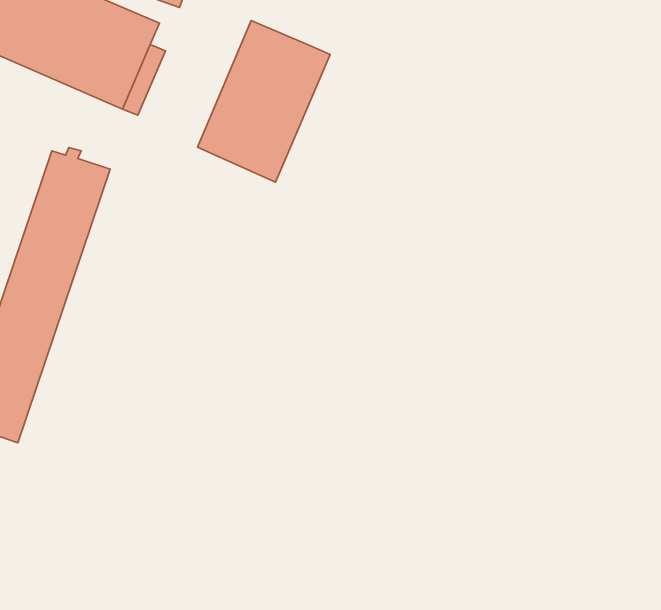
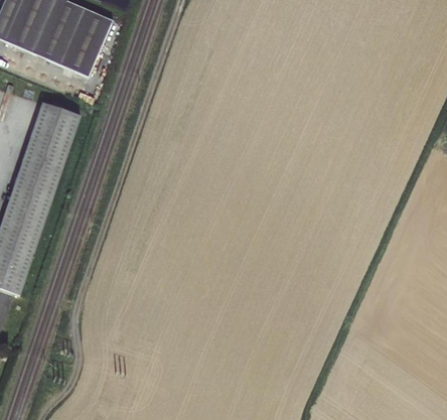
building: [197,20,330,182] -> none

